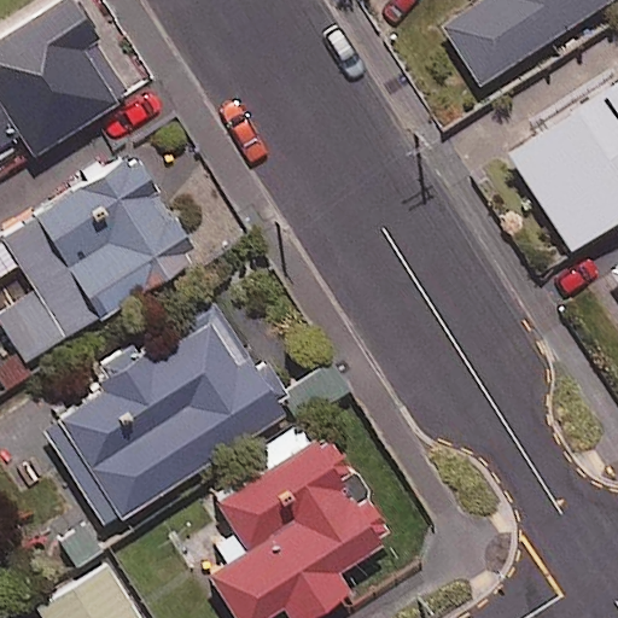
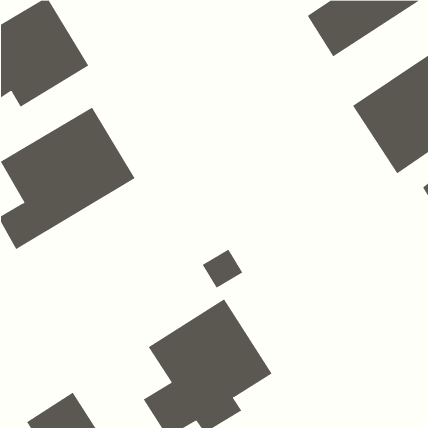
building: [42,304,286,527] -> none

